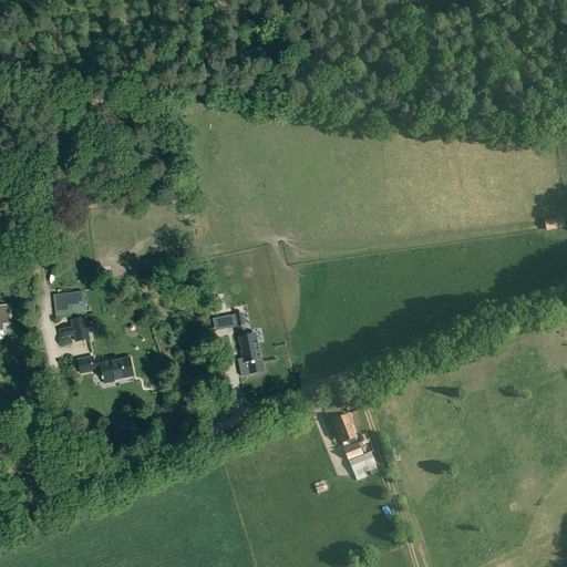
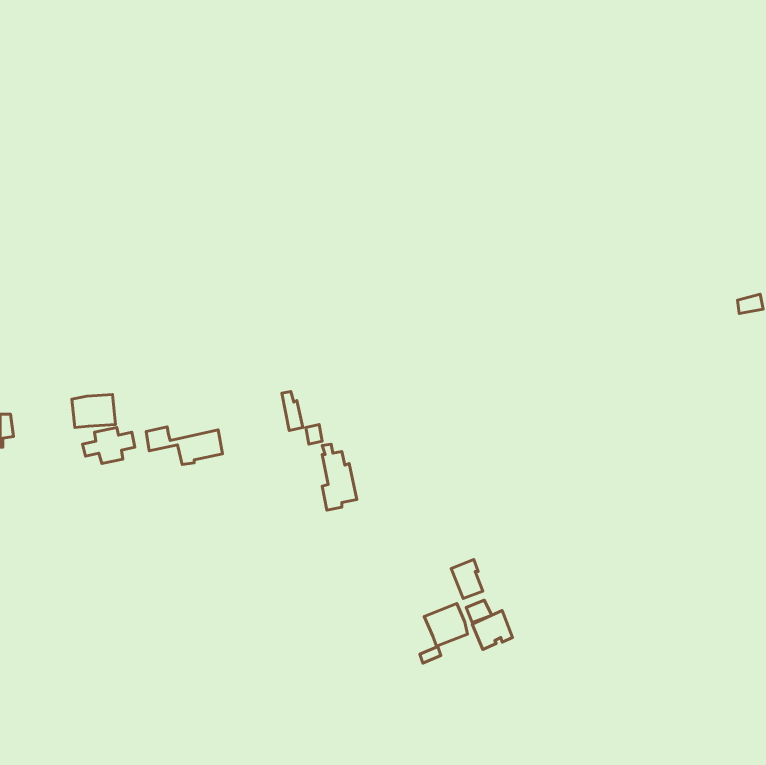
building: [78,355,134,383] -> [146,427,223,464]
building: none -> [424,604,467,646]

